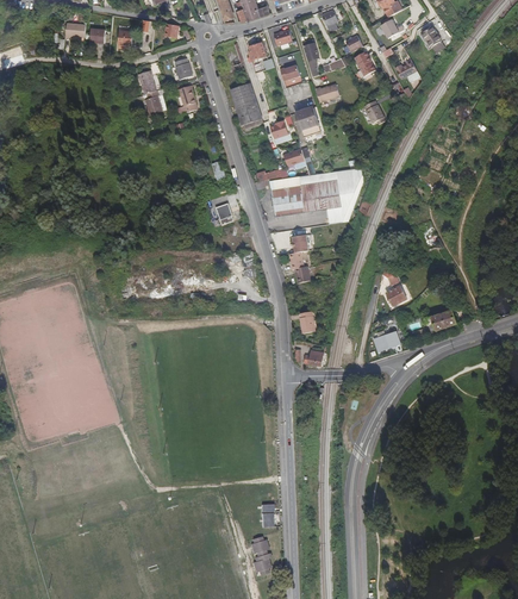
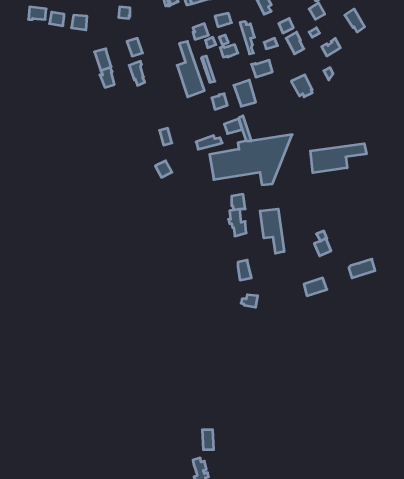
building: none -> [310,144,366,173]
building: none -> [260,209,284,253]

